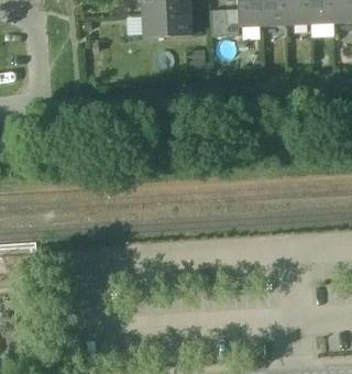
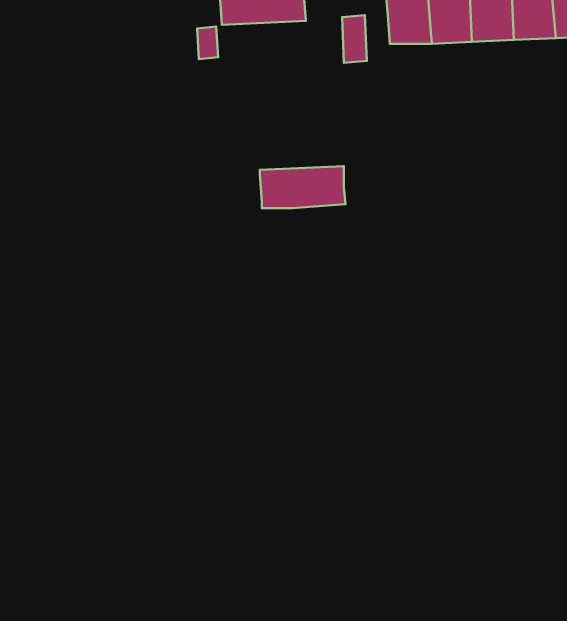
building: [142,13,191,37] -> [260,166,346,208]

